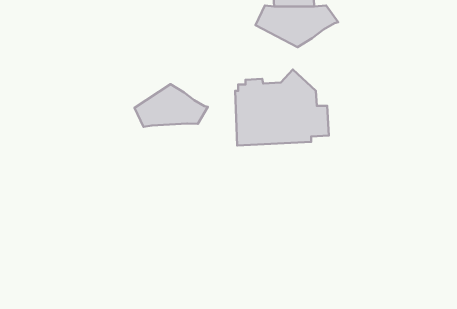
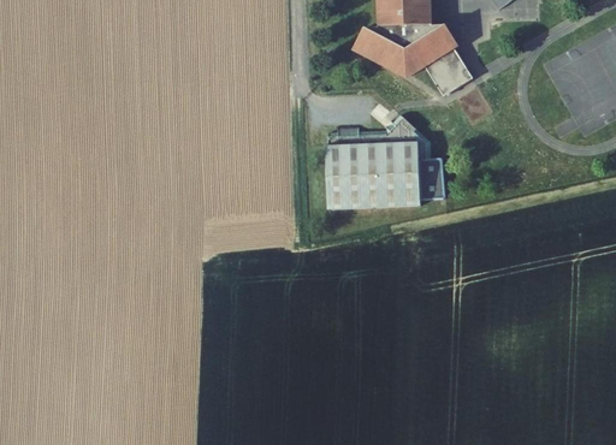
building: none -> [426,49,473,96]
building: [134,84,208,127] -> none

